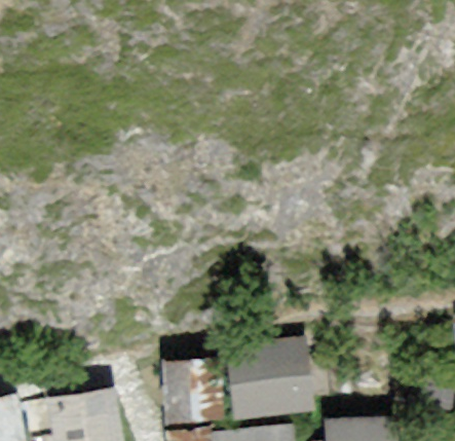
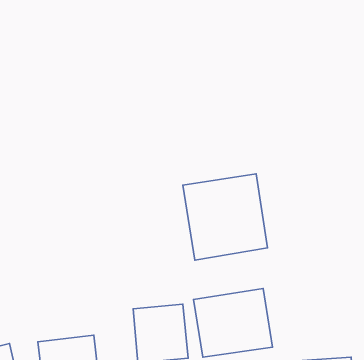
building: none -> [183,174,267,260]

